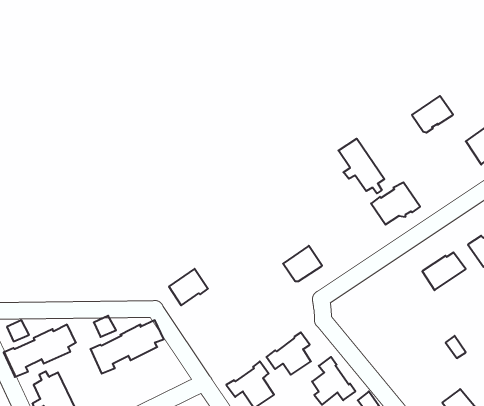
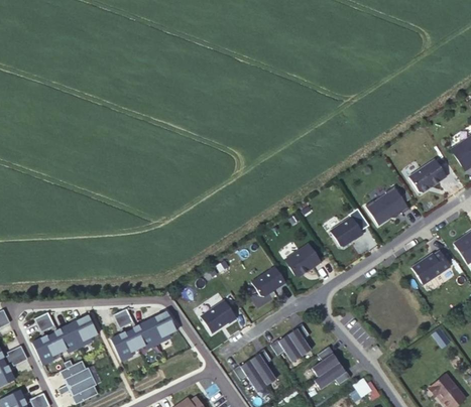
building: [412,96,453,133] -> [409,159,447,192]
building: [338,139,384,193] -> none
building: none -> [331,217,364,247]
building: [169,269,208,305] -> [201,299,236,332]
building: none -> [252,267,286,296]

